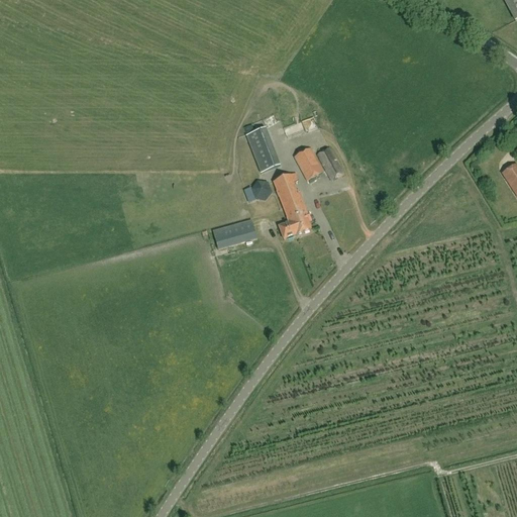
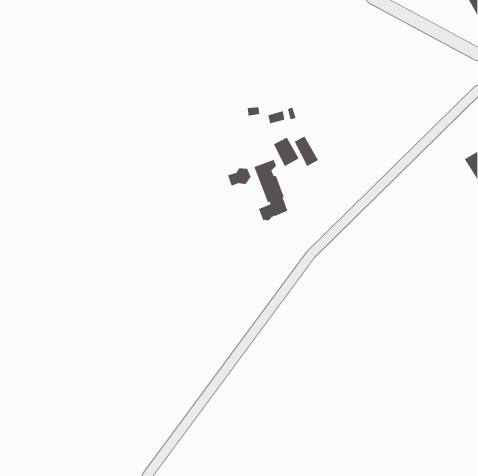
building: [247,126,280,172] -> none
building: [213,219,256,247] -> none

